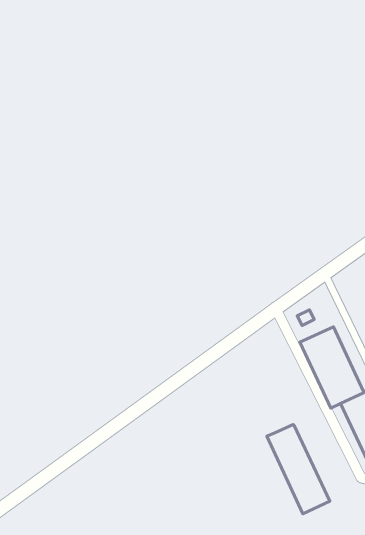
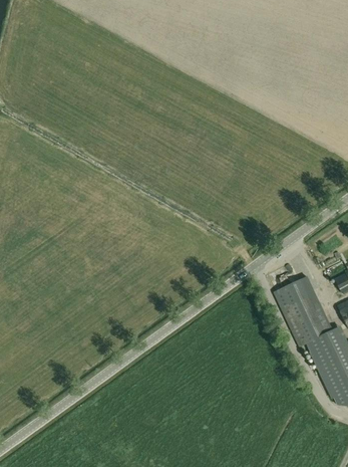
building: [267,424,330,514] -> none

